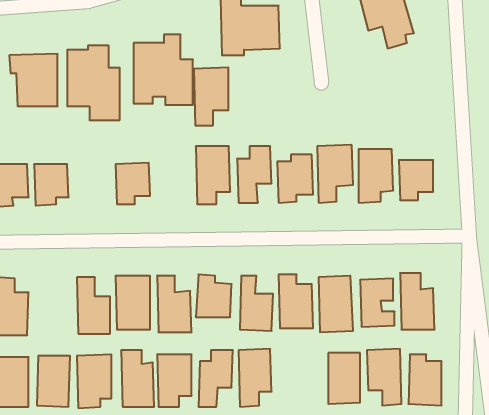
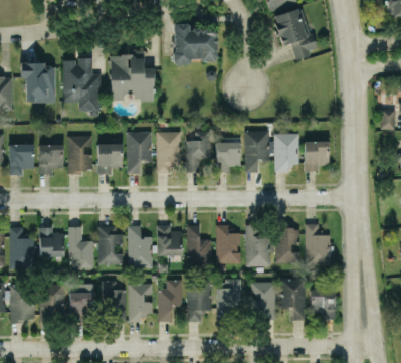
building: [194,67,228,125] -> [127,132,152,174]
building: none -> [67,136,92,173]
building: none -> [39,227,64,257]
building: none -> [217,281,241,311]

